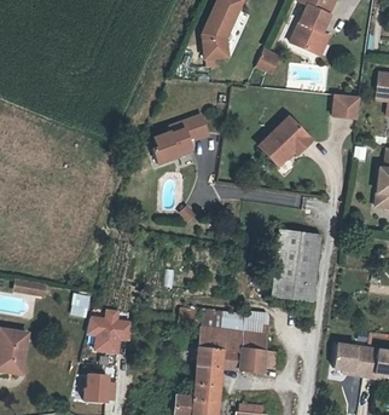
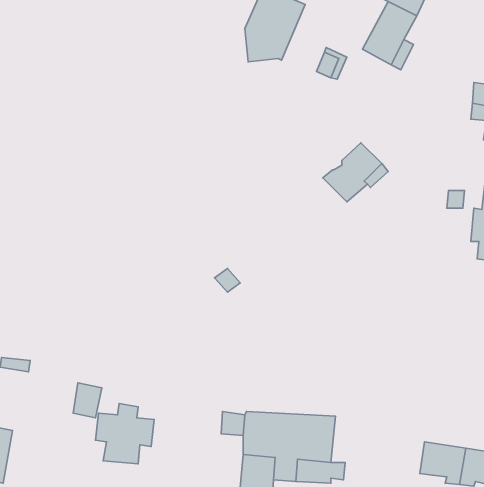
building: [330,90,358,115] -> none
building: [152,113,207,160] -> none
building: [273,234,319,298] -> none

